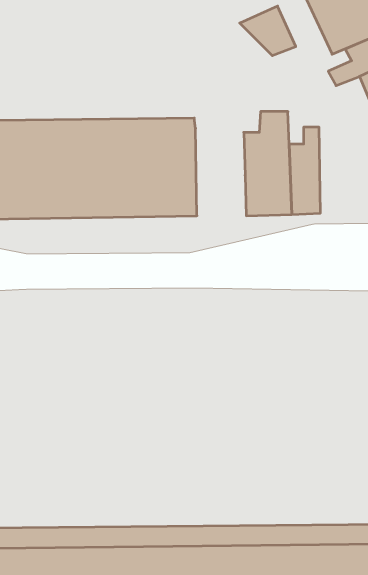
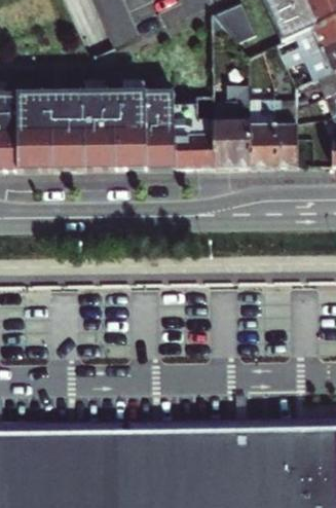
building: none -> [273,96,298,170]
building: none -> [176,102,216,172]

